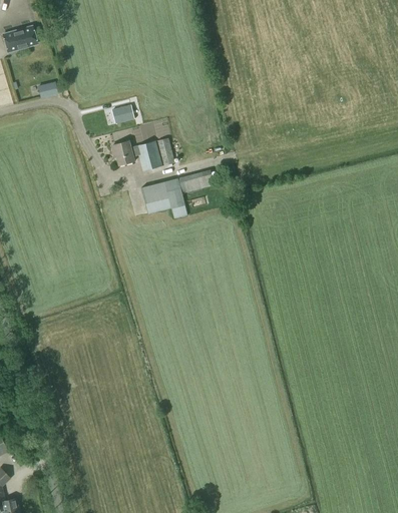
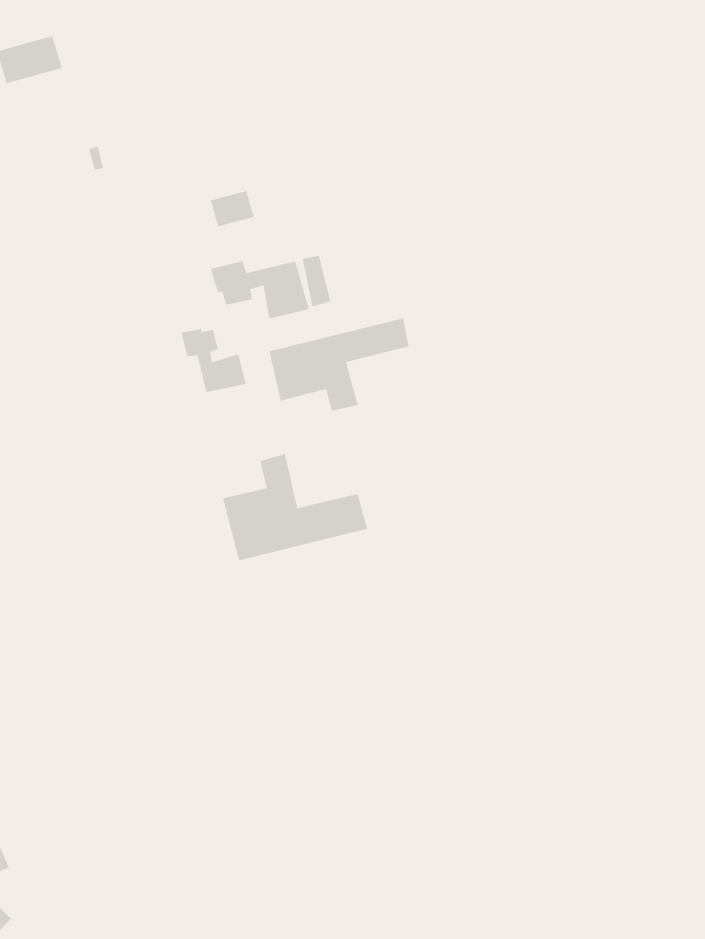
building: none -> [181,328,247,393]
building: none -> [222,453,368,561]

